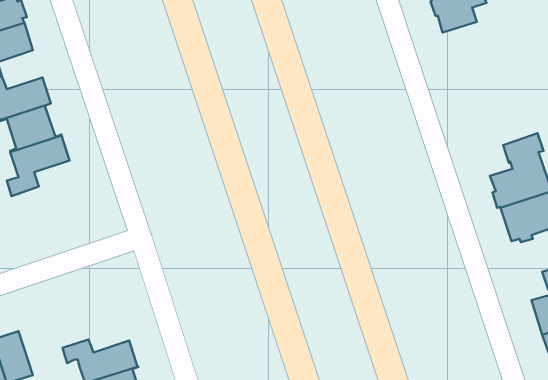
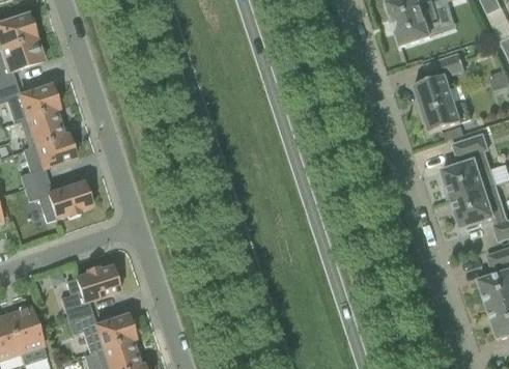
building: none -> [414,52,471,132]
building: none -> [24,179,93,221]
building: none -> [60,265,121,320]

